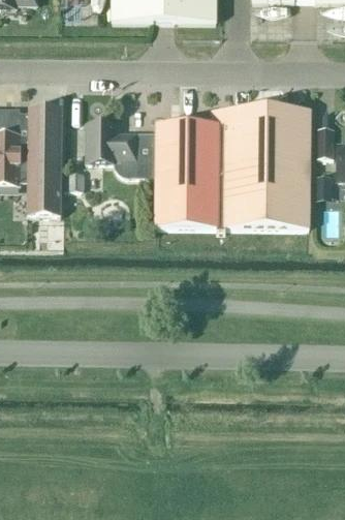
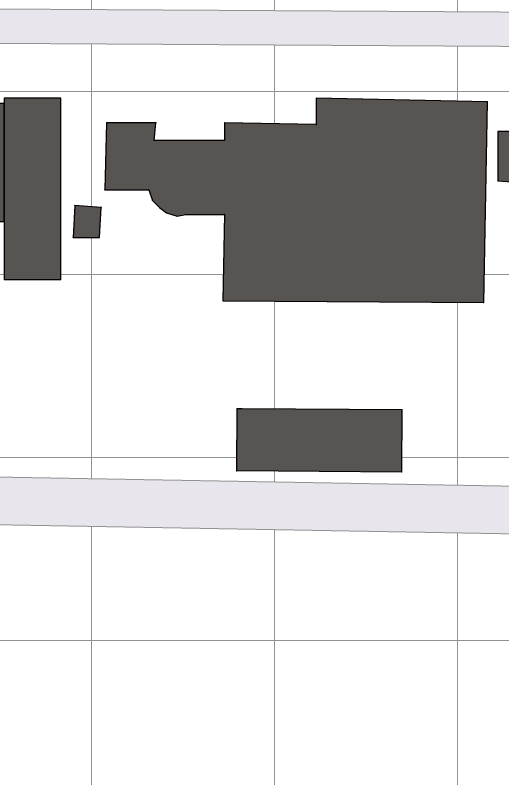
building: none -> [237,409,402,472]

